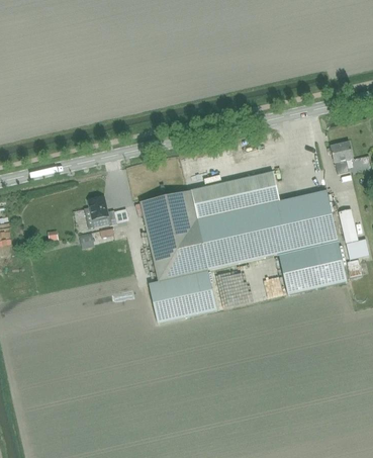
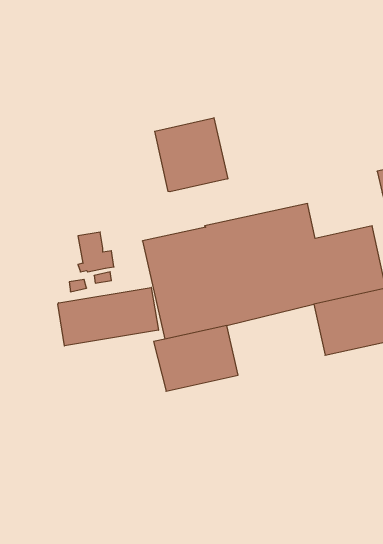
building: none -> [155,118,228,192]
building: none -> [58,287,158,346]

